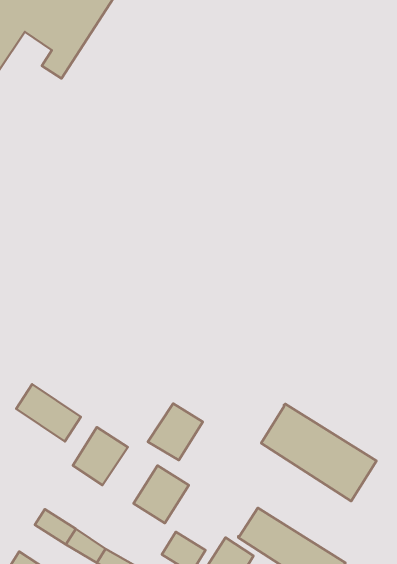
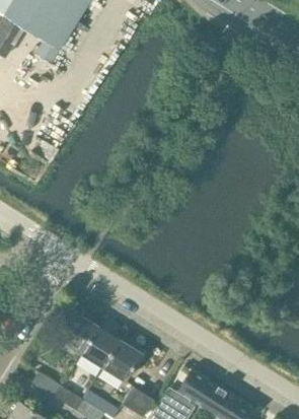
building: [16,384,81,441] -> none
building: [148,404,203,460] -> [81,328,121,368]
building: [261,404,377,501] -> none

